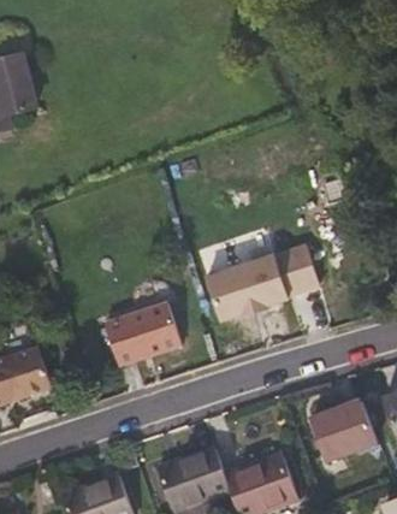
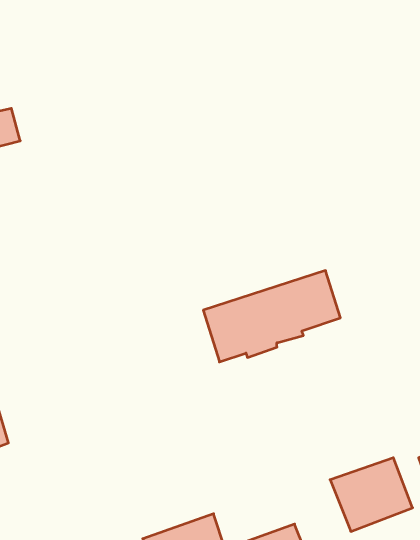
building: [101,302,178,366] -> none

